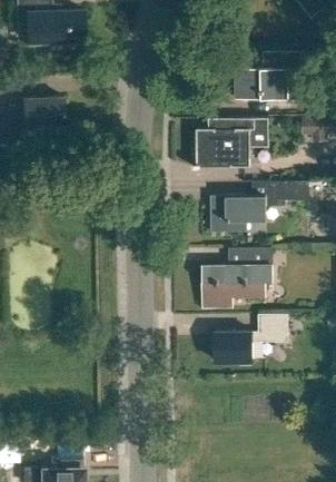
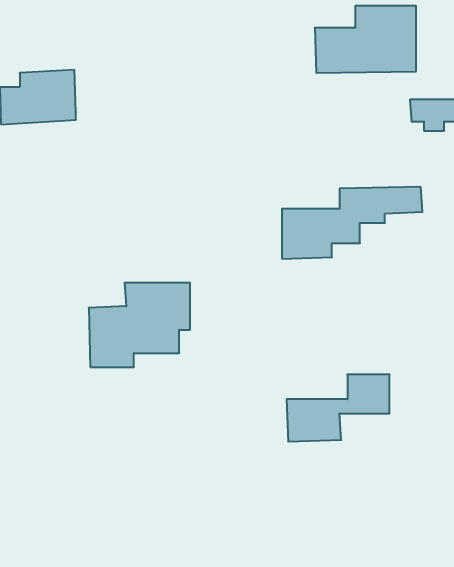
building: [192,118,269,168] -> none
building: [201,248,274,308] -> [89,283,190,367]

